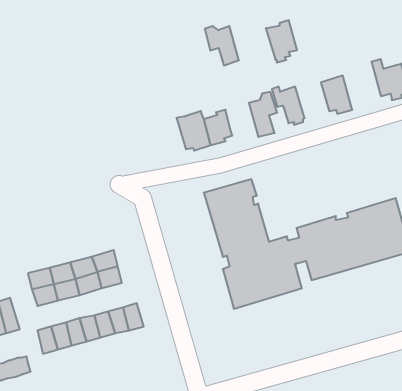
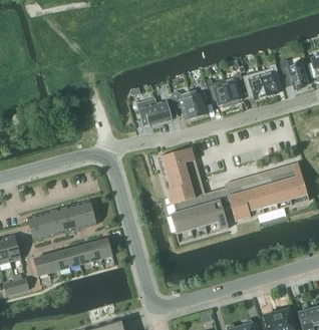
building: [266,20,297,63] -> [223,73,246,104]
building: [205,26,239,66] -> [171,91,196,120]
building: none -> [258,63,279,96]

